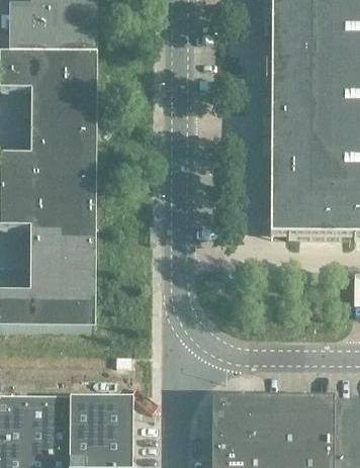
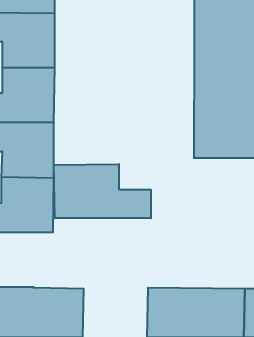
building: none -> [54,164,151,218]

